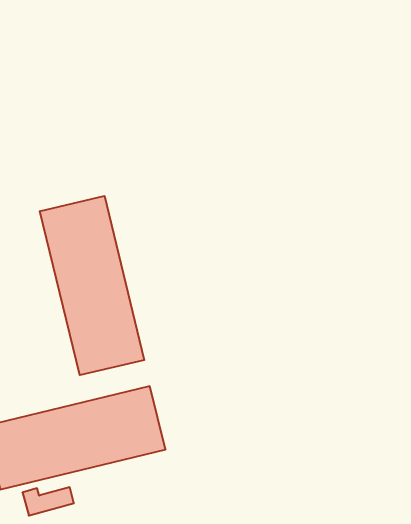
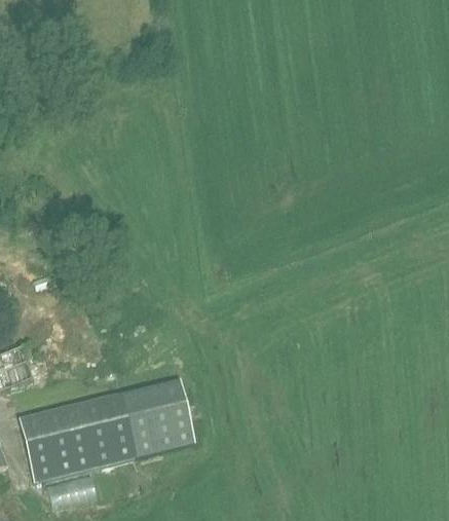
building: [40,196,144,375] -> none

